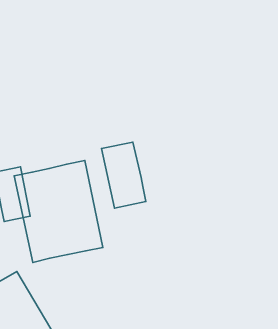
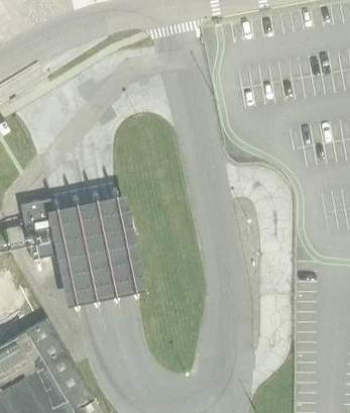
building: [102,142,146,208] -> none

